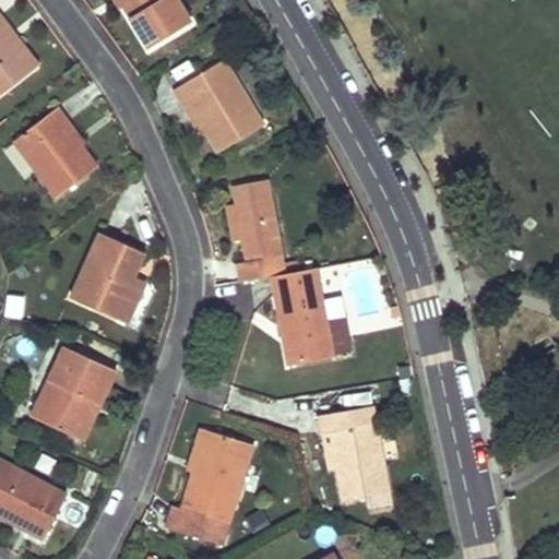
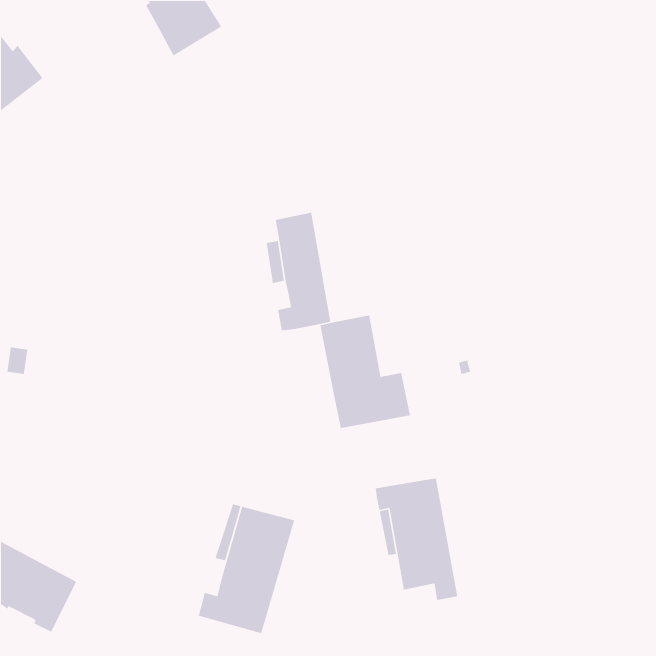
building: [171,61,262,153] -> none
building: [13,108,96,198] -> none
building: [71,234,144,320] -> none
building: [32,347,115,436] -> none

